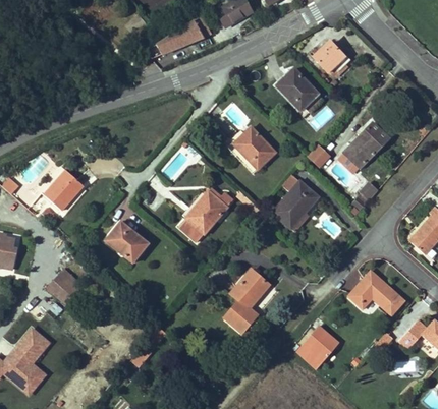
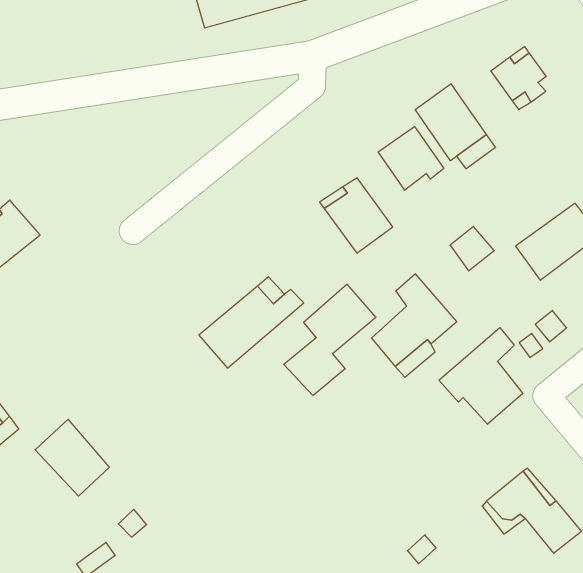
building: none -> [378,127,444,190]
building: none -> [439,328,523,424]
building: [105,221,147,261] -> [35,419,109,496]
building: [223,269,269,332] -> [284,284,376,395]

